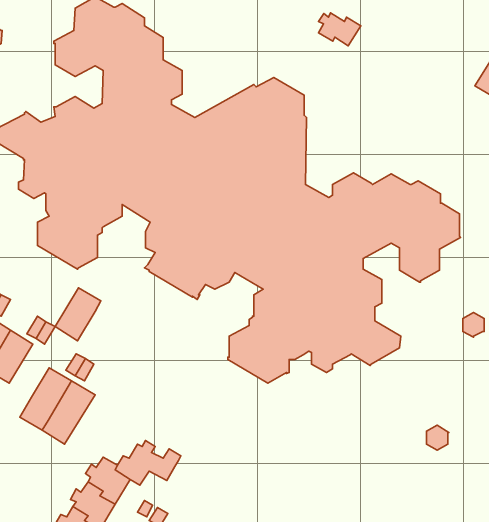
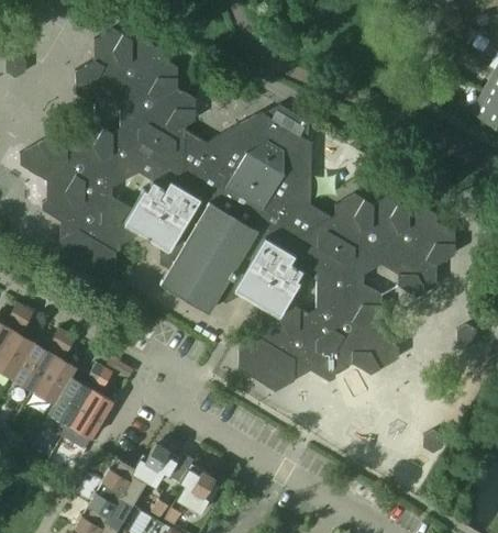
building: [319,13,361,46] -> none
building: [55,288,101,341] -> [33,354,76,403]
building: none -> [176,463,212,513]

